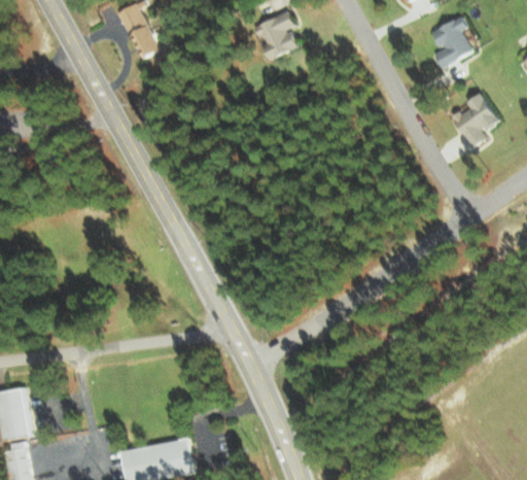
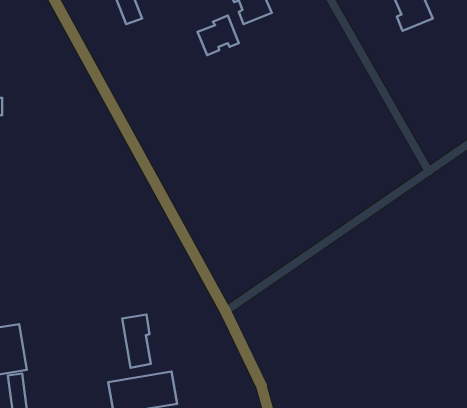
building: none -> [198,16,239,55]
building: [454,93,499,148] -> none
building: none -> [122,314,151,368]

